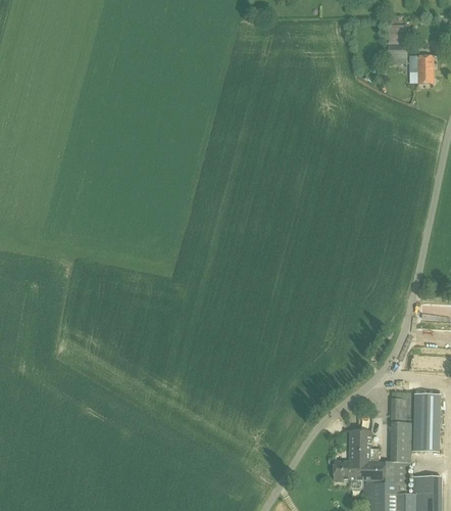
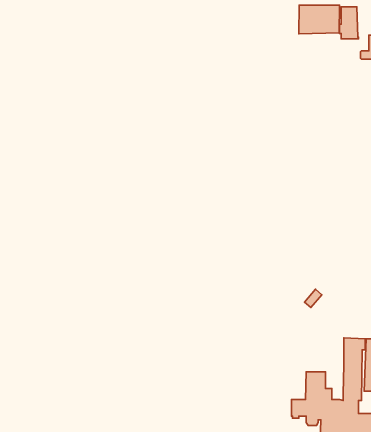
building: none -> [299,5,340,34]

